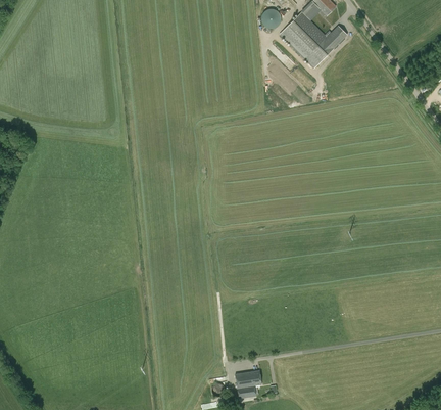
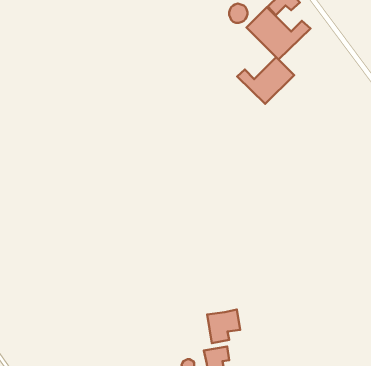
building: none -> [237,57,294,104]
building: none -> [207,309,240,343]

